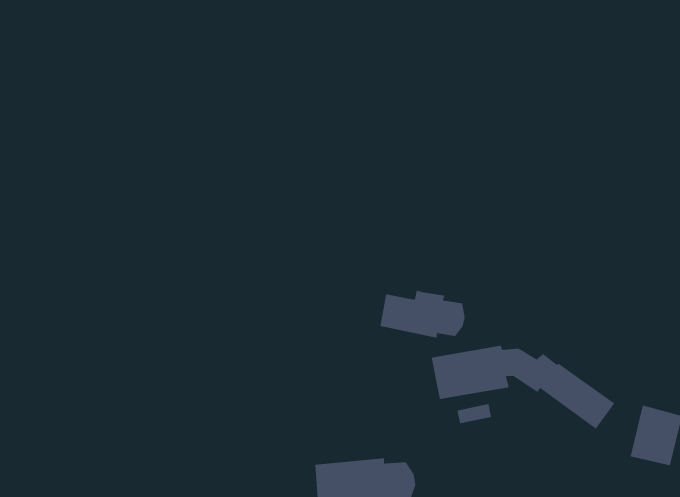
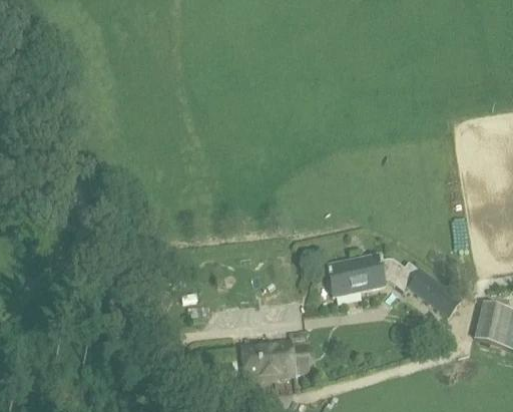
building: [380,290,465,338] -> none

